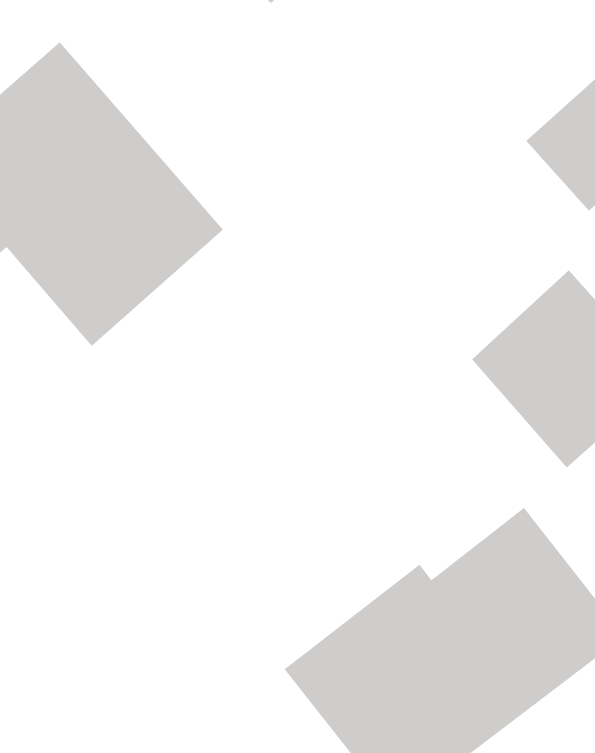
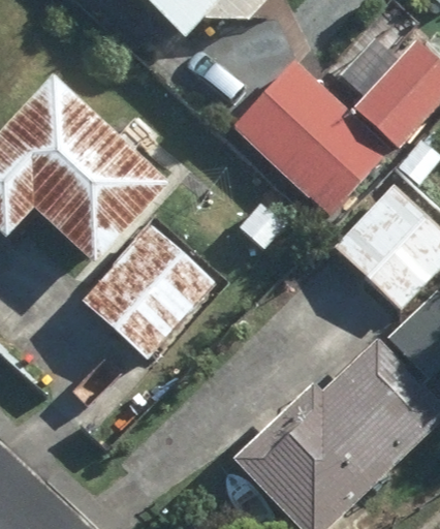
building: none -> [230,59,391,218]
building: none -> [82,223,217,361]

